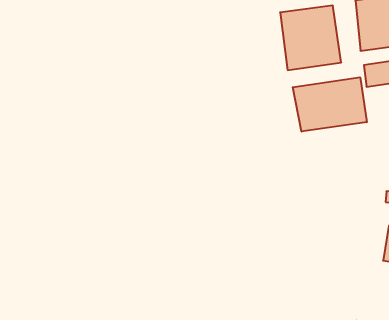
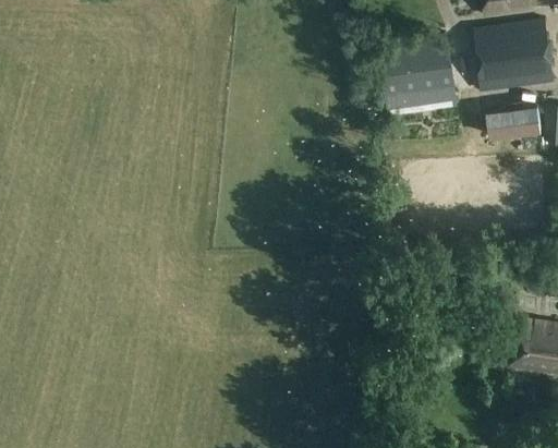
building: [293,77,367,132] -> none

